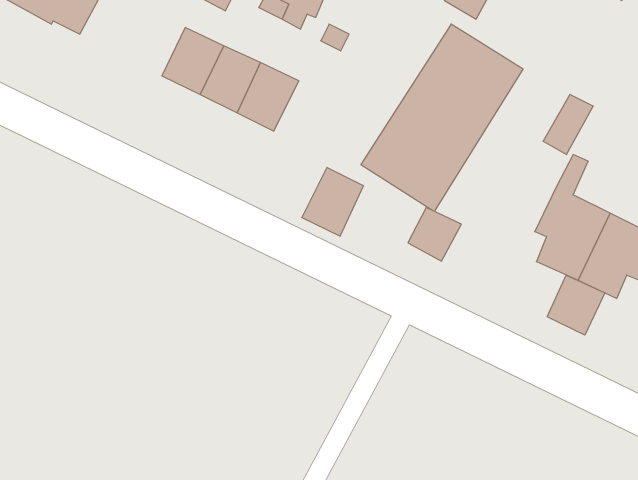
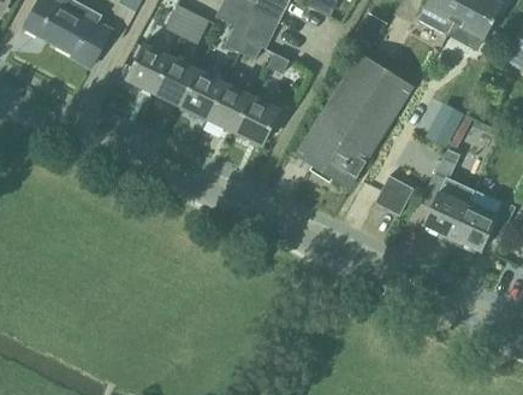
building: none -> [126,43,170,92]
building: [302,167,364,236] -> [233,95,278,145]
building: [408,208,461,261] -> [375,177,414,216]
building: [547,275,605,335] -> none

